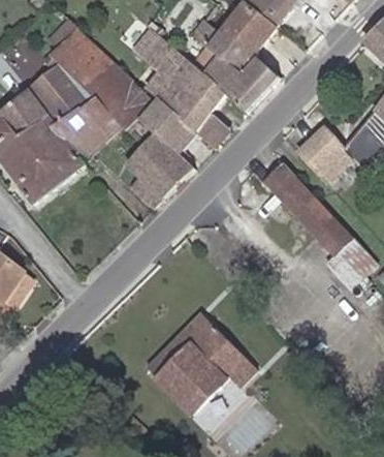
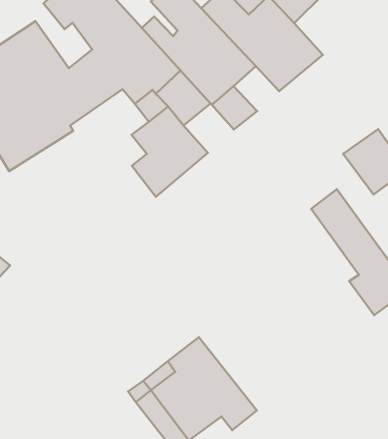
building: [38,64,88,110] -> none
building: [262,163,303,205] -> none

